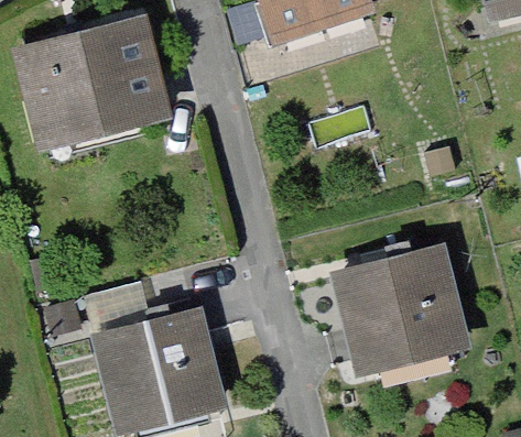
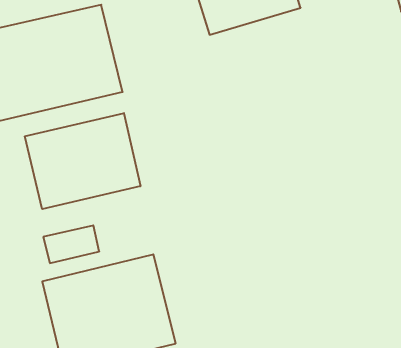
building: none -> [25,113,140,209]
building: [327,239,475,378] -> none

